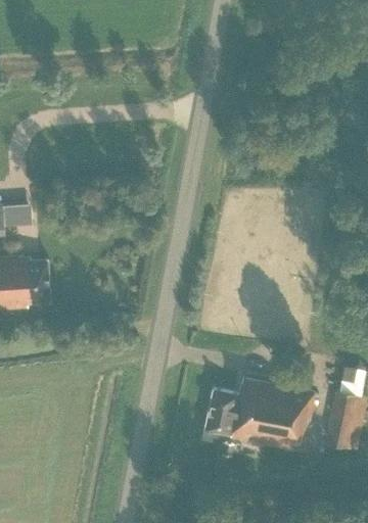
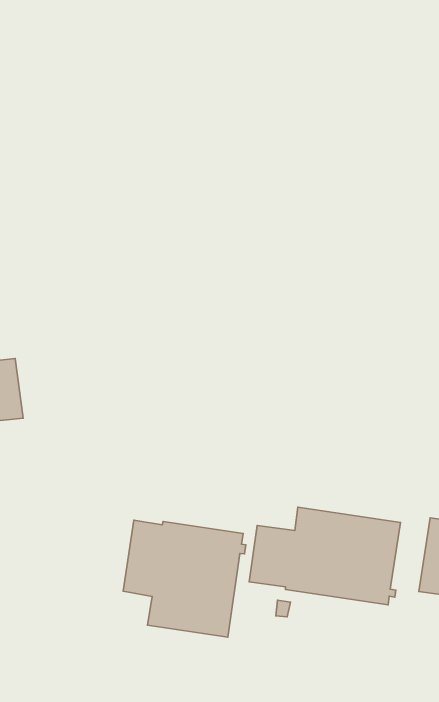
building: none -> [123,520,246,637]

